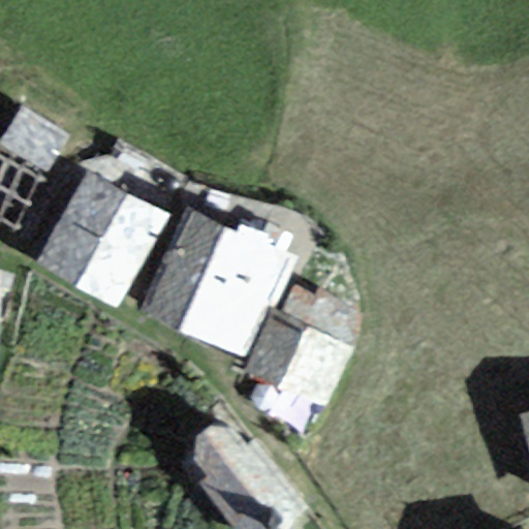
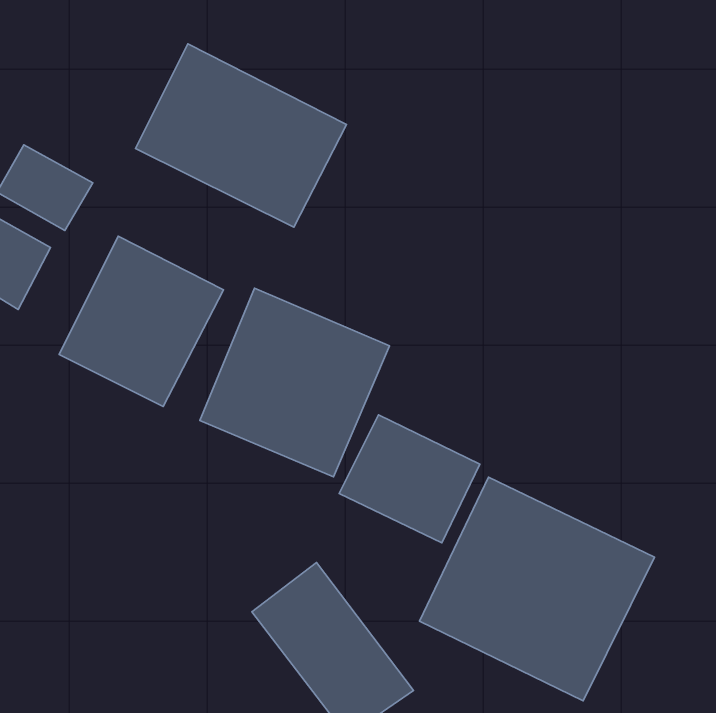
building: none -> [136,44,346,227]
building: none -> [420,477,654,701]

